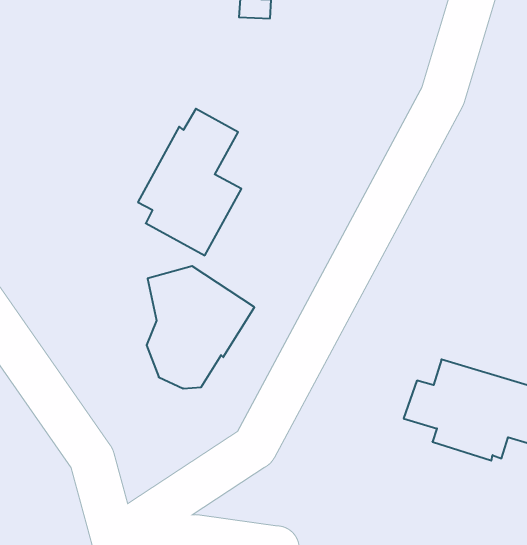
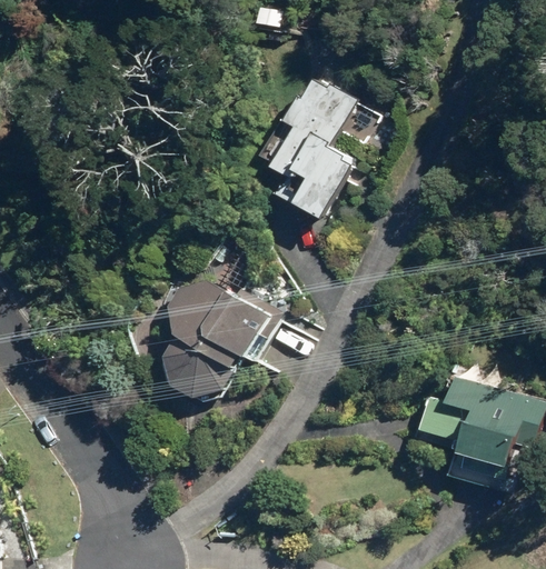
building: [138,109,241,255] -> [254,77,357,223]

